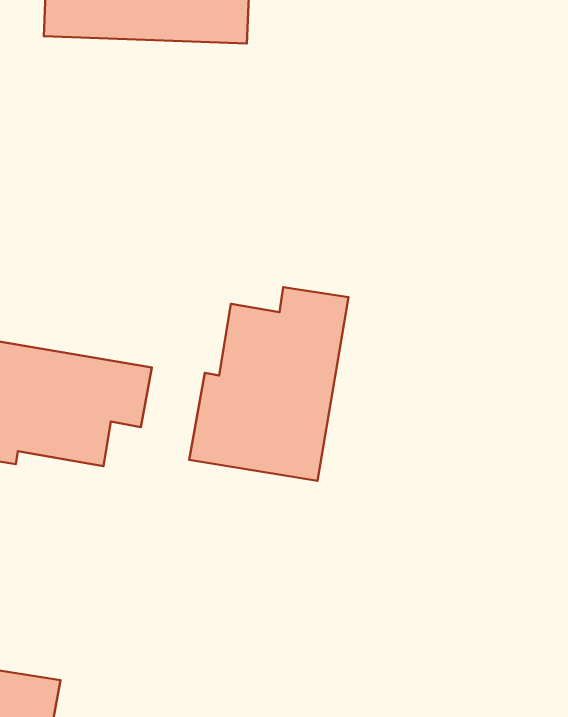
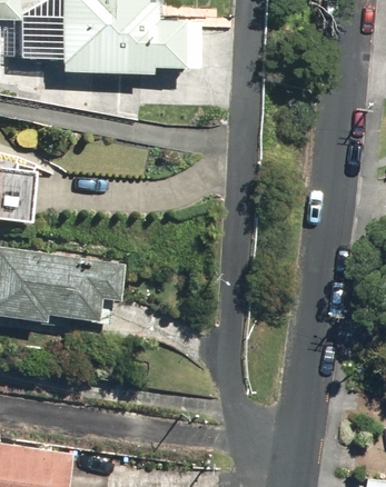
building: [189,287,349,481] -> none

